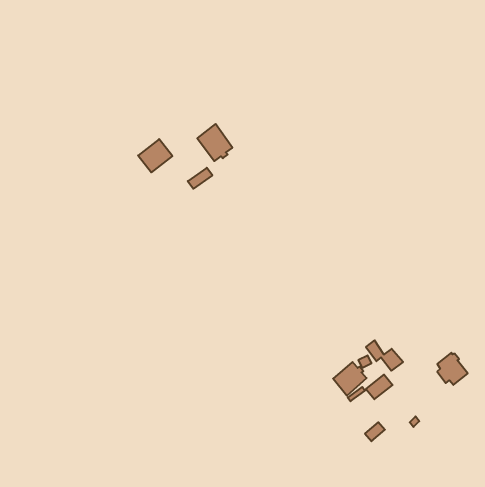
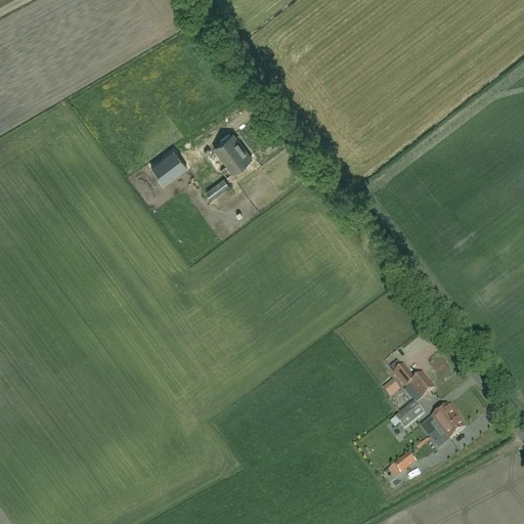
building: [437,353,468,385] -> [430,405,463,440]
building: [333,362,367,396] -> none

